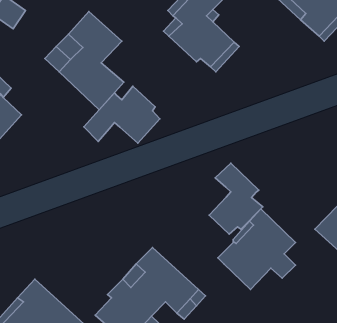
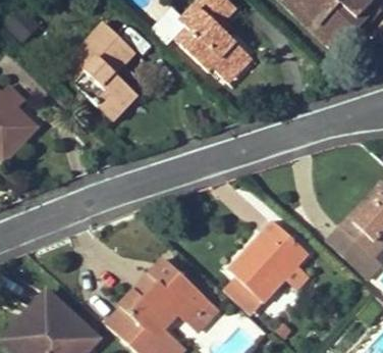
building: [84,86,160,143] -> none
building: [209,163,263,234] -> none
building: none -> [221,274,263,315]

